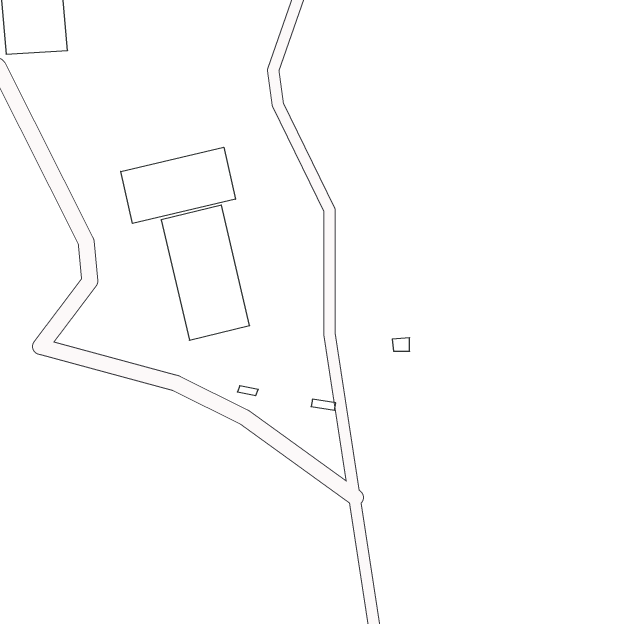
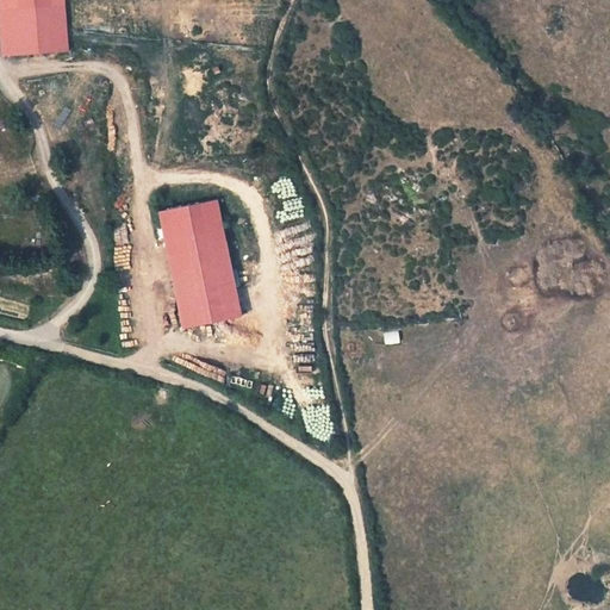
building: [121,147,235,223] -> none

